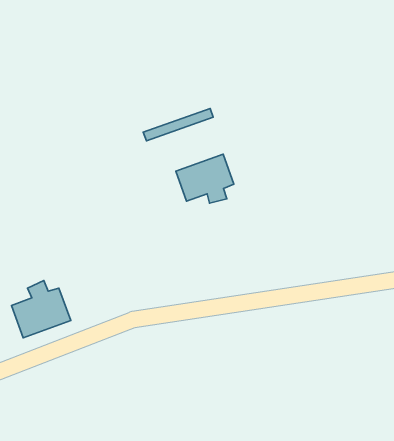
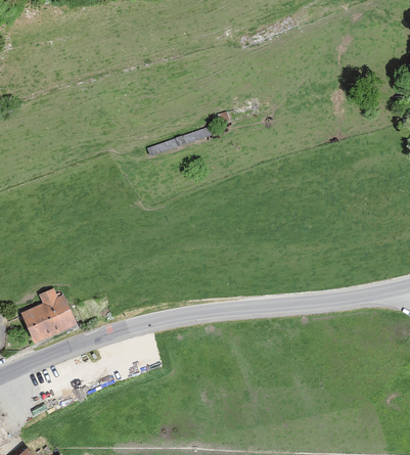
building: [176,154,234,203] -> none

